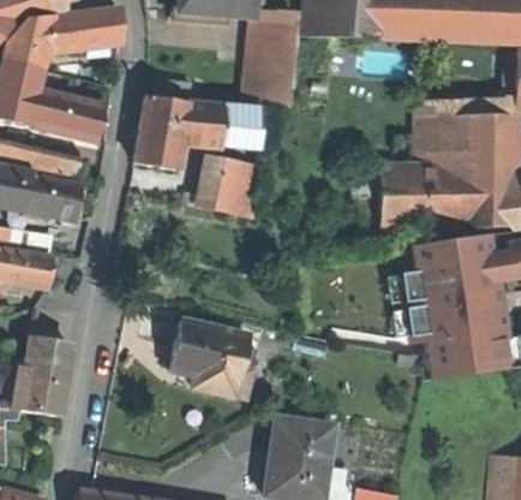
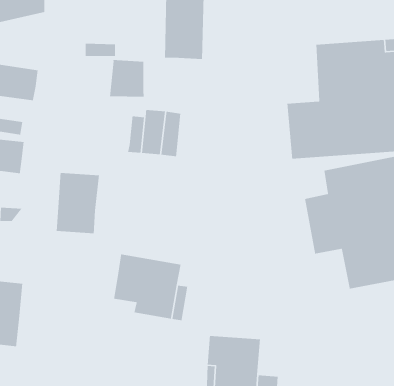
building: [134,96,188,168] -> [56,172,100,234]
building: [221,102,262,139] -> none

